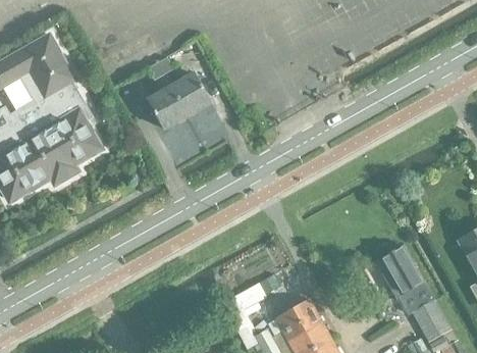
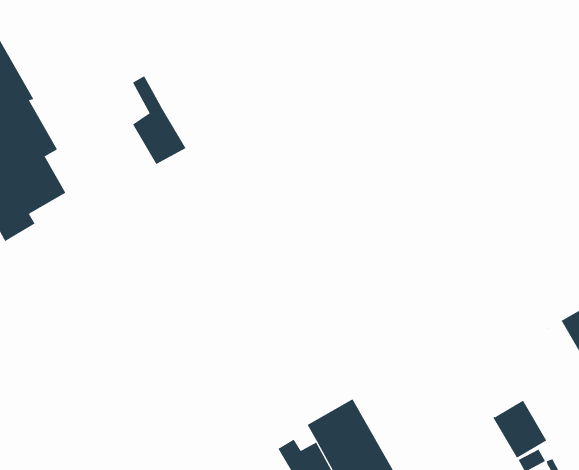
building: [168,72,209,116] -> none
building: [378,245,423,311] -> none

